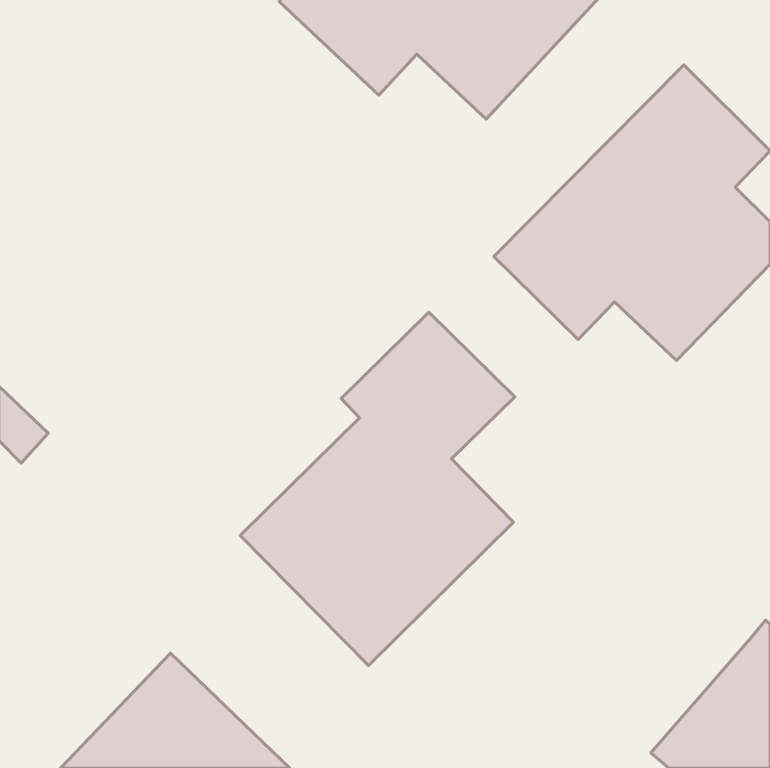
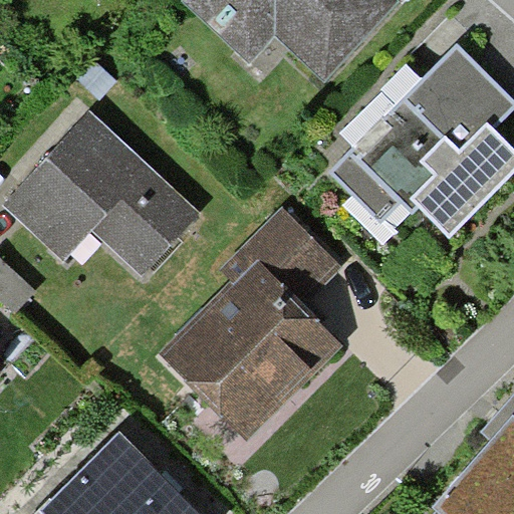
building: none -> [8,113,202,277]

